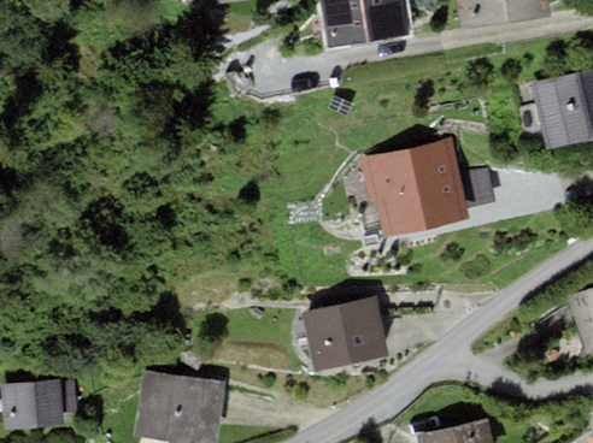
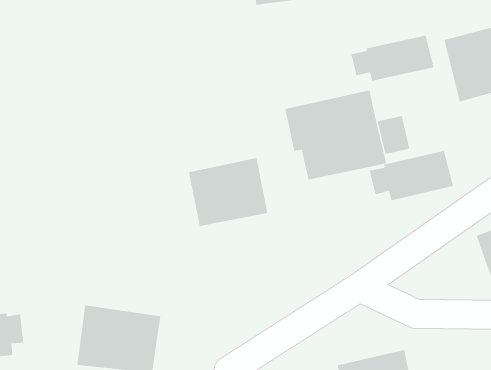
building: none -> [351,35,434,82]
building: none -> [369,150,454,201]
building: [301,297,388,372] -> [188,158,268,227]

